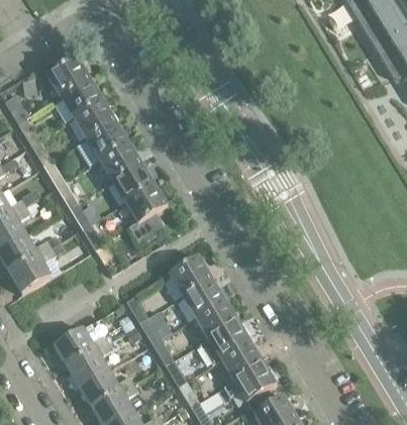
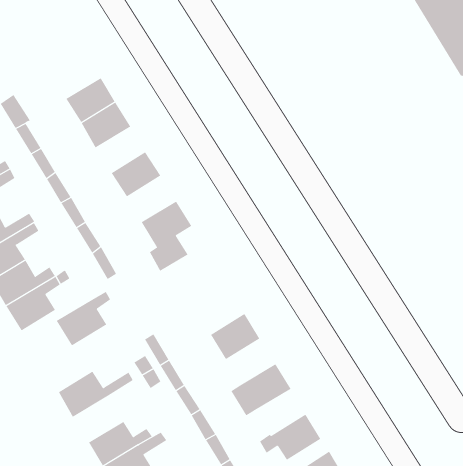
building: [45,55,89,95] -> none
building: [84,118,126,157] -> none
building: [110,160,152,199] -> none
building: [168,254,210,294] -> none
building: [194,297,236,336] -> none
building: [65,338,111,385] -> [56,291,111,346]
building: [219,339,262,379] -> none

